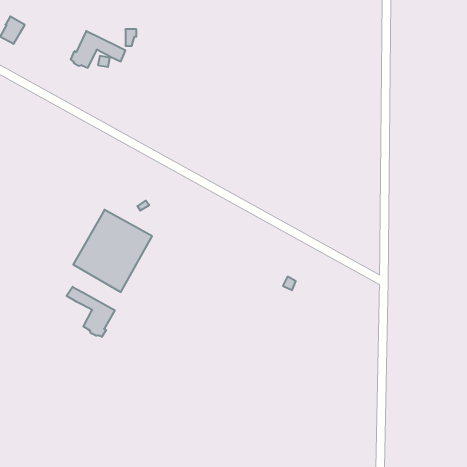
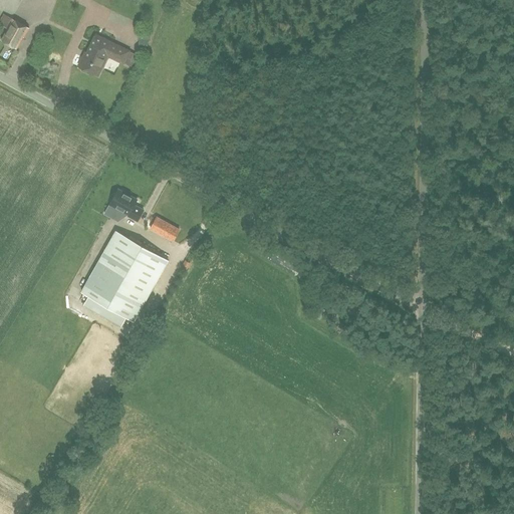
building: none -> [108,189,142,222]
building: [67,287,115,337] -> none

